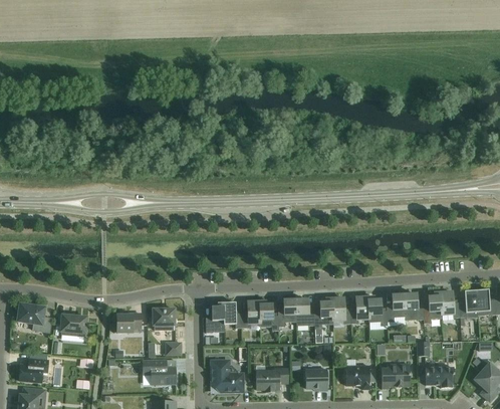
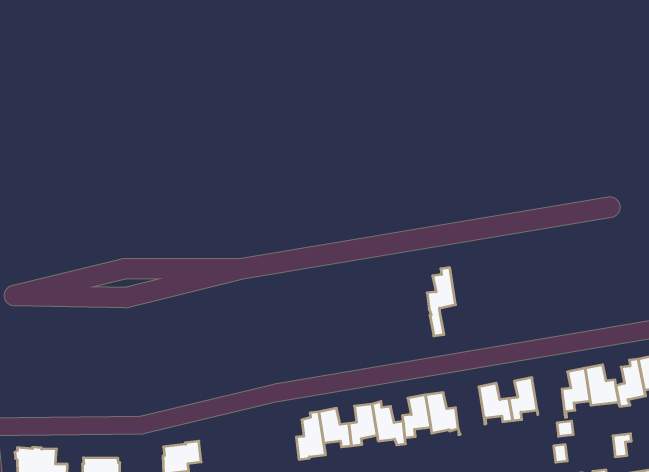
building: [367,296,387,326] -> none
building: [314,298,332,343] -> [427,268,456,336]
building: [153,309,176,330] -> none

